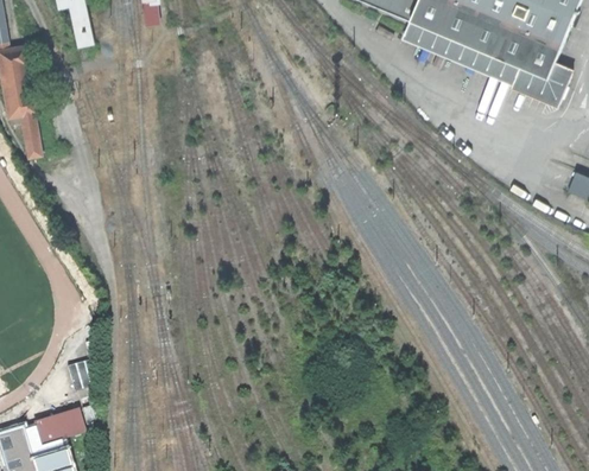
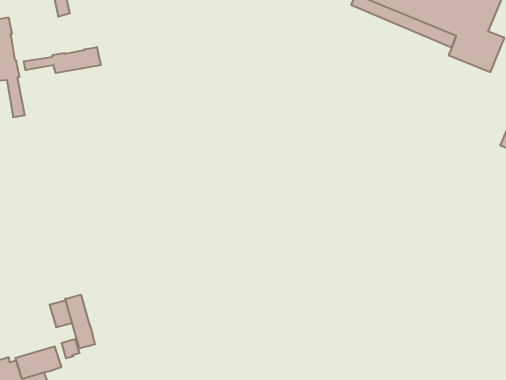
building: none -> [24,47,101,73]
building: none -> [65,295,95,348]

